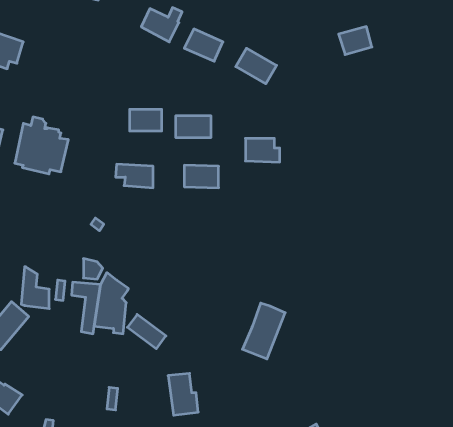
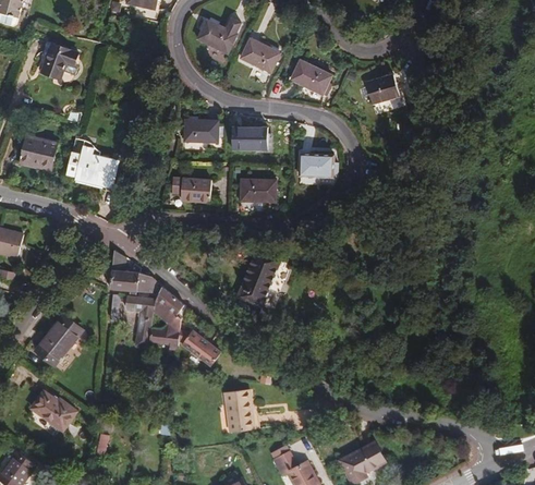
building: [339,27,372,55] -> [364,75,398,104]
building: [21,267,49,309] -> [109,250,137,292]
building: [242,303,285,359] -> [235,250,279,306]

